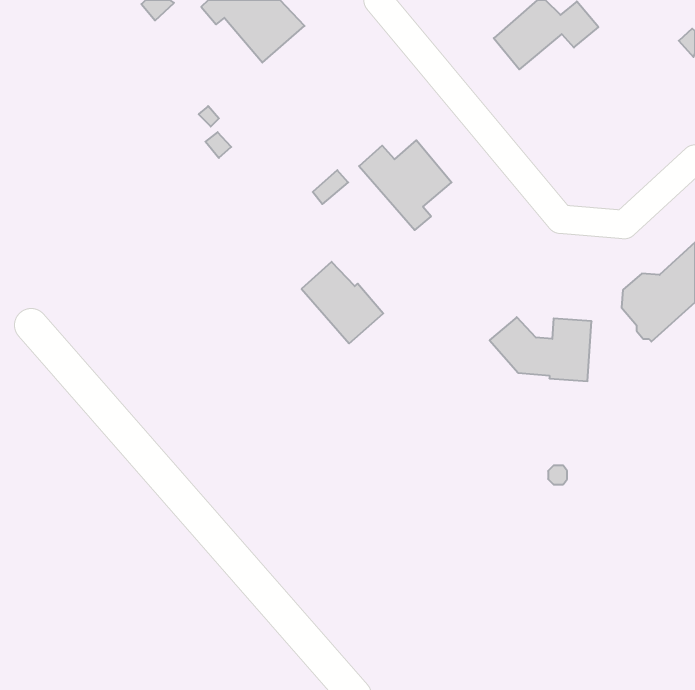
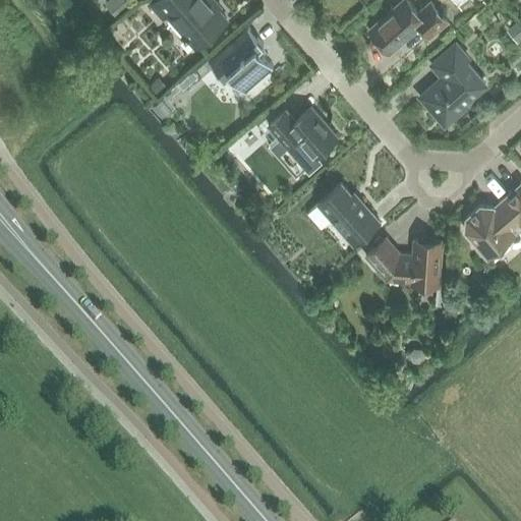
building: none -> [209,31,274,94]
building: none -> [421,47,485,125]
building: [302,262,383,343] -> [319,186,380,247]

